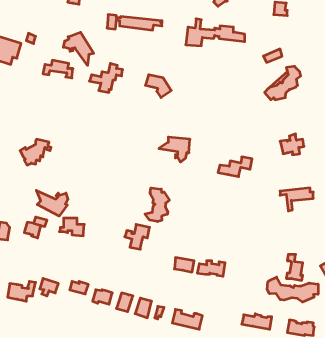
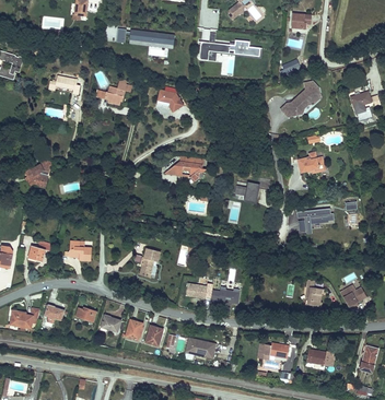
building: [63,32,94,65] -> none
building: [145,188,169,222] -> none
building: [36,190,68,216] -> none
building: [267,277,318,302] -> none

